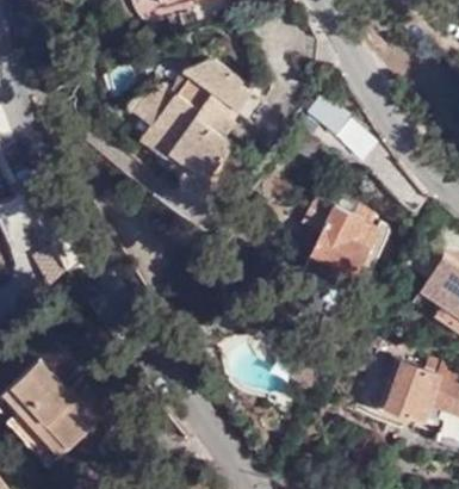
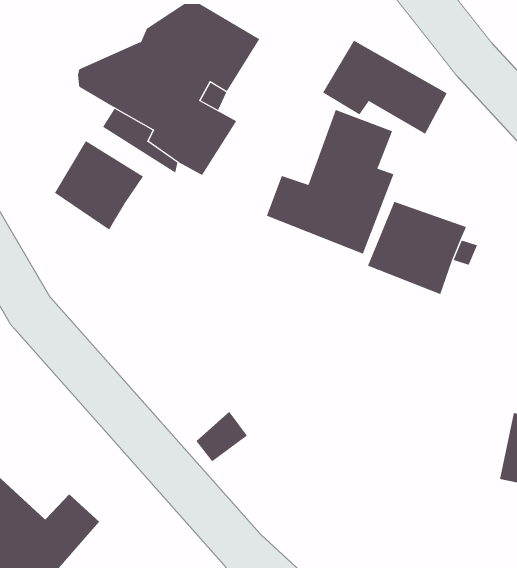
building: none -> [266,109,394,254]
building: none -> [54,140,144,231]

